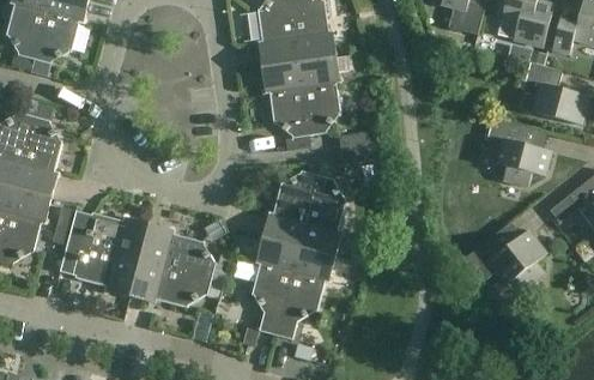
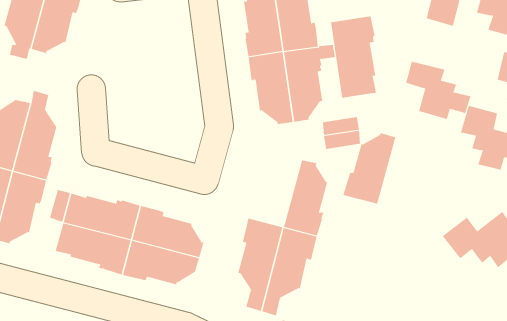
building: none -> [331,16,377,99]
building: none -> [406,61,471,120]
building: [261,170,317,246] -> [343,132,396,204]

